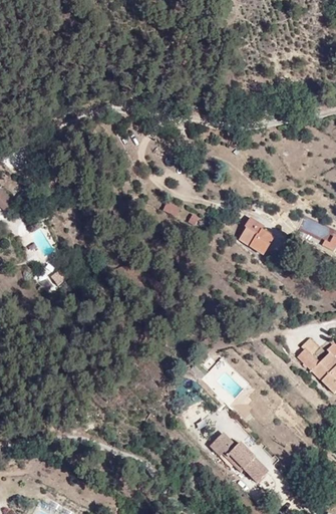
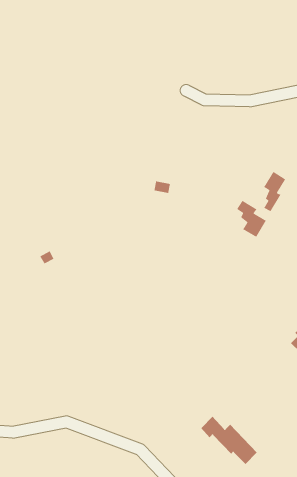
building: none -> [263,171,286,212]

